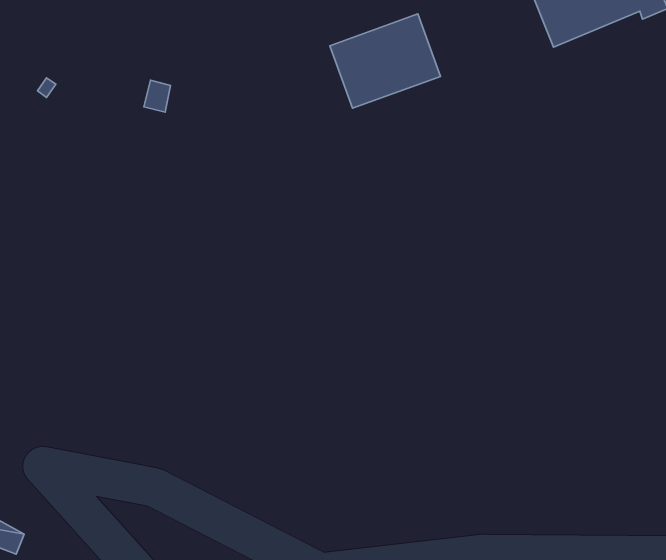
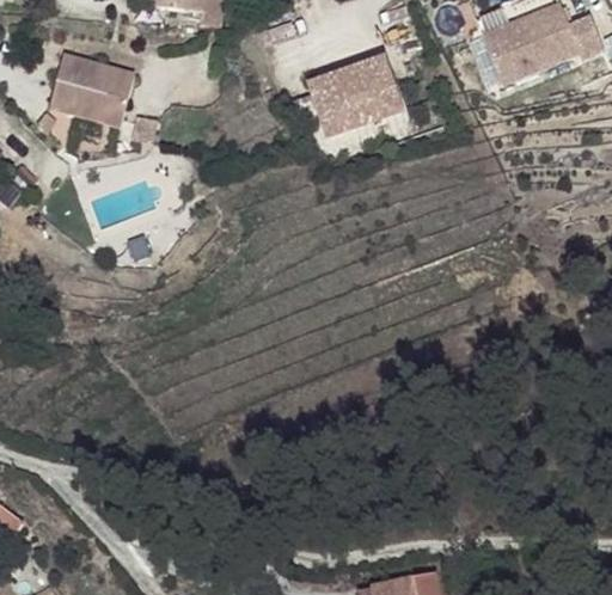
building: none -> [49,54,135,125]

